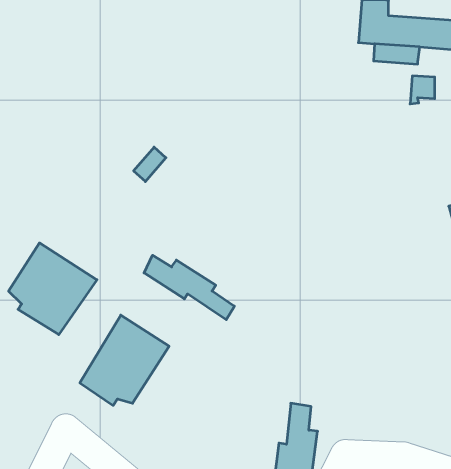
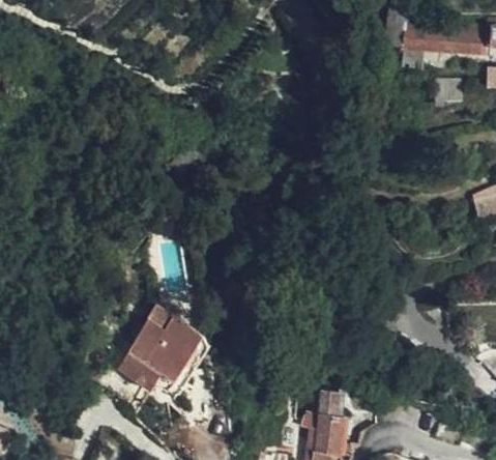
building: [9,243,97,335] -> none
building: [144,255,234,320] -> none

